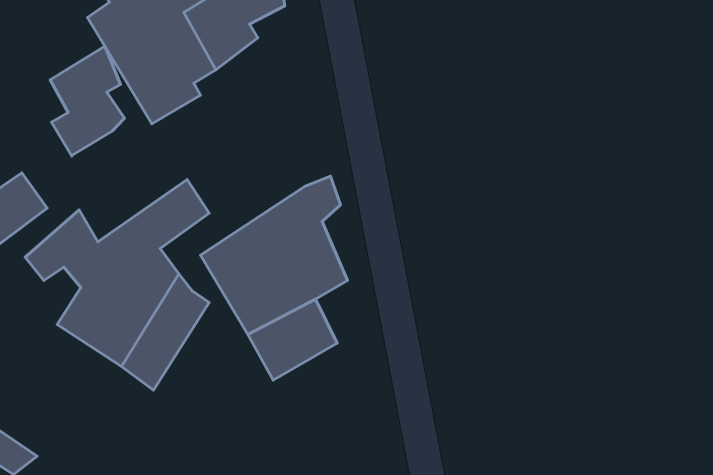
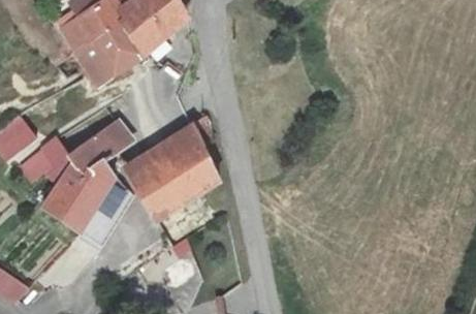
building: [50,46,124,156] -> none

